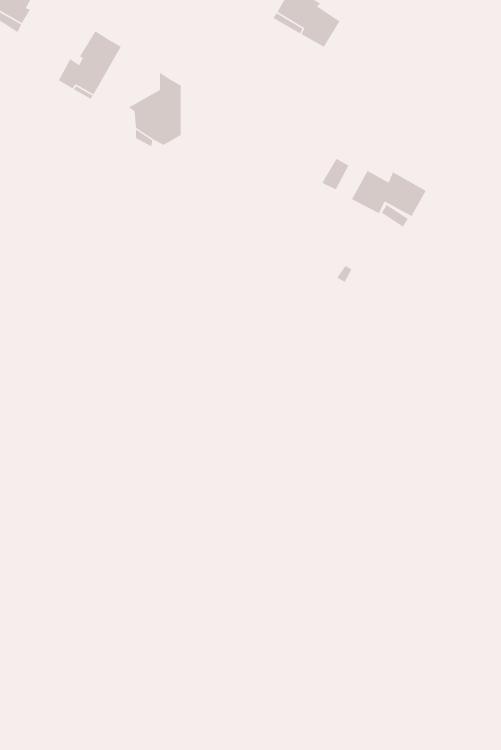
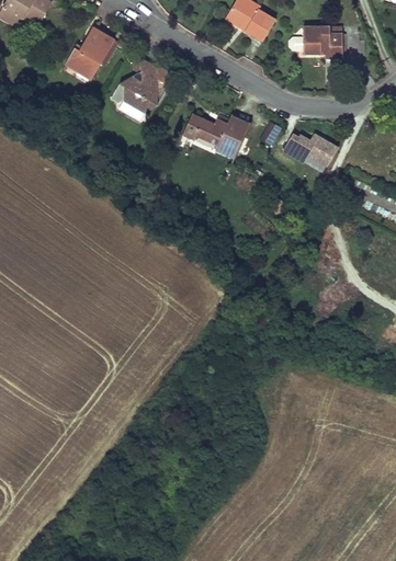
building: none -> [290,26,342,58]
building: none -> [183,114,249,158]

